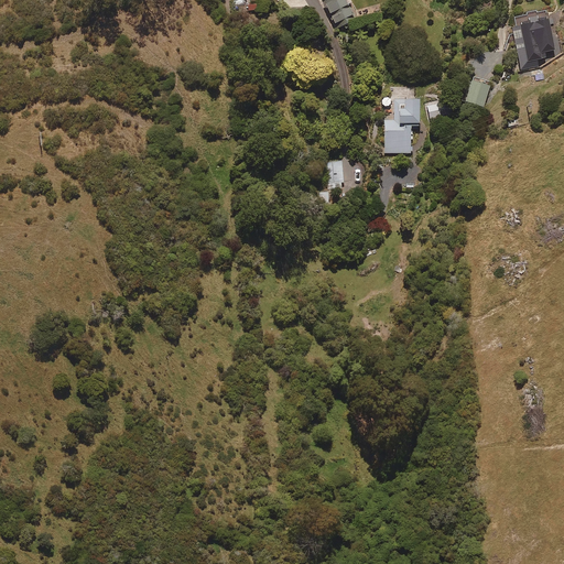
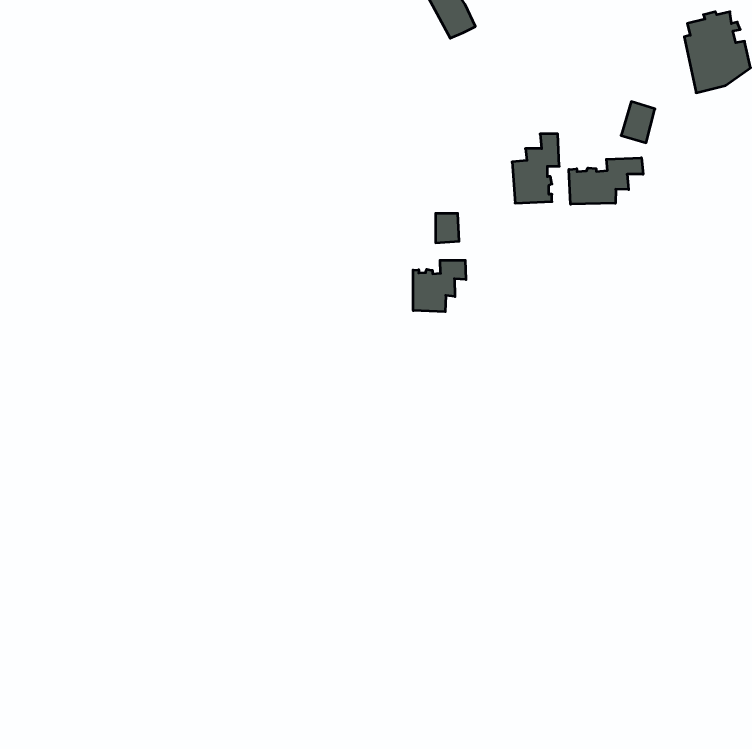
building: none -> [569,158,643,204]
building: none -> [413,260,466,312]

